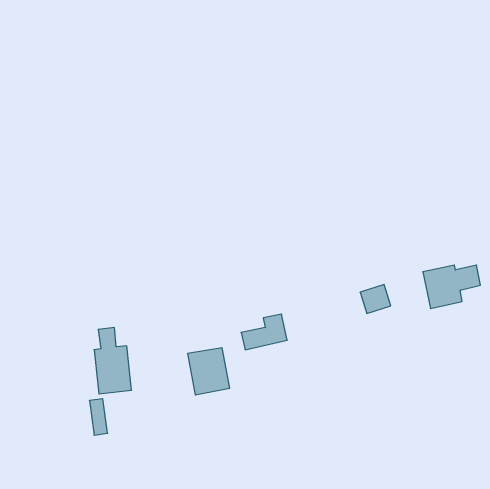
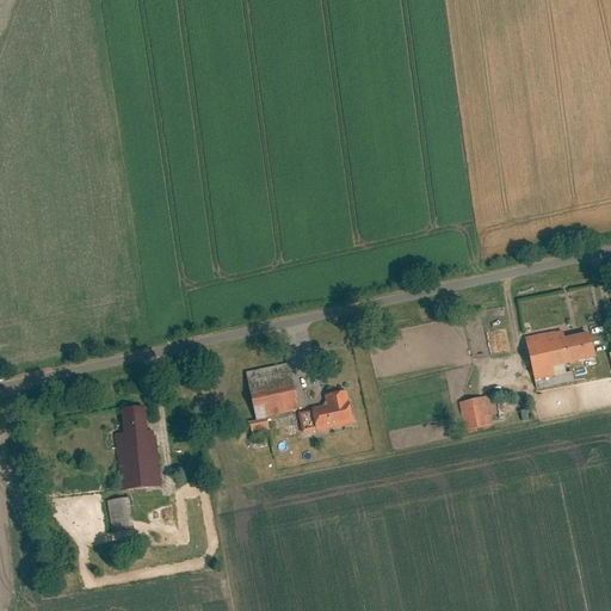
building: [360,285,391,313] -> [457,390,495,426]
building: [188,348,230,395] -> [245,359,297,418]

